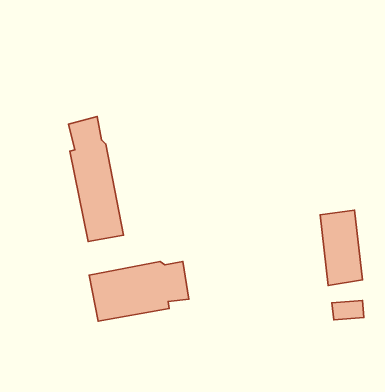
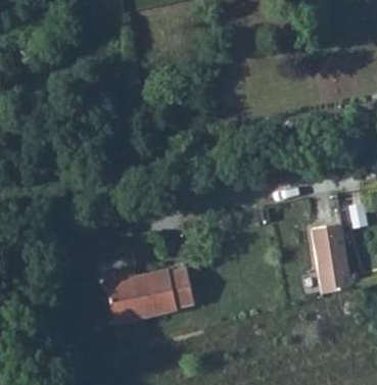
building: [69,117,123,242] -> none

